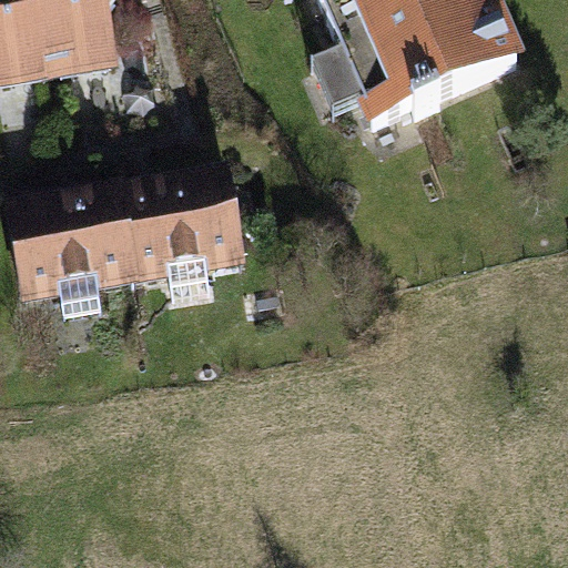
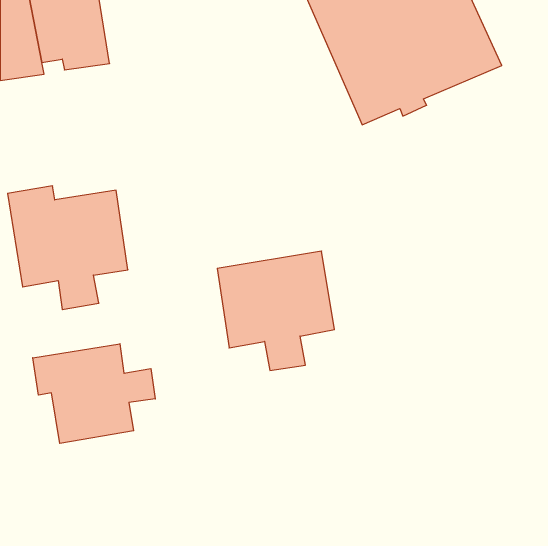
building: [121,179,242,302] -> [217,251,334,370]
building: none -> [33,344,155,443]

